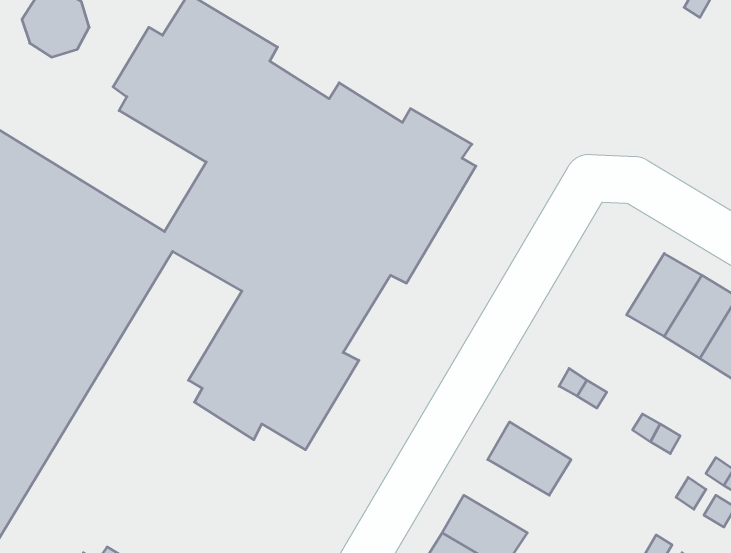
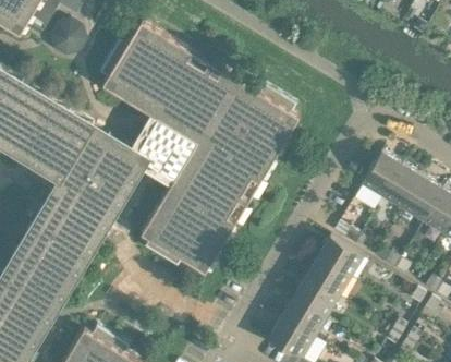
building: none -> [362,150,403,197]
building: none -> [318,236,365,277]
building: none -> [293,277,340,317]

